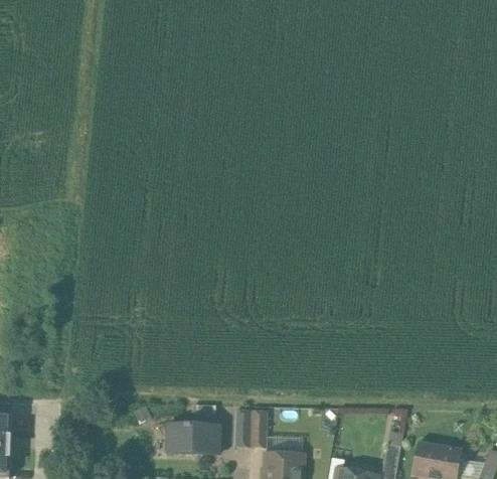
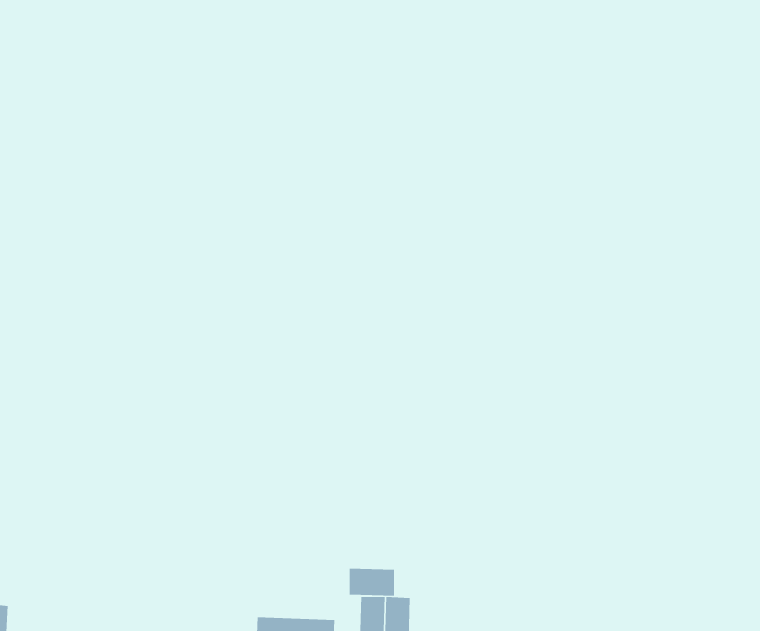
building: none -> [349,568,395,597]

